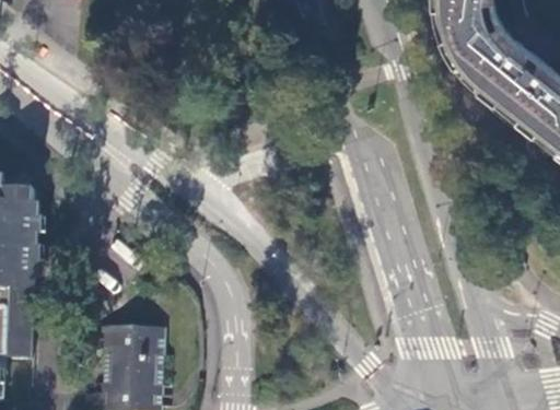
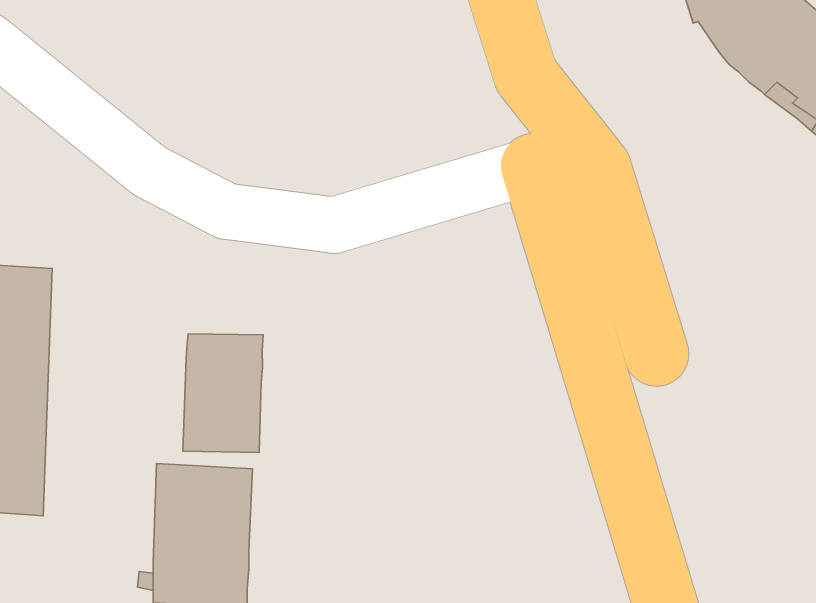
building: none -> [183,334,263,452]

